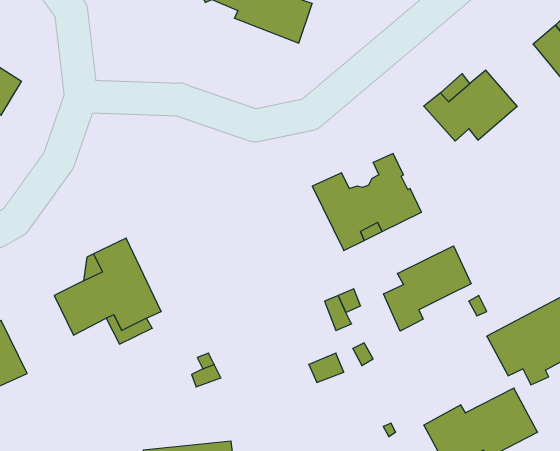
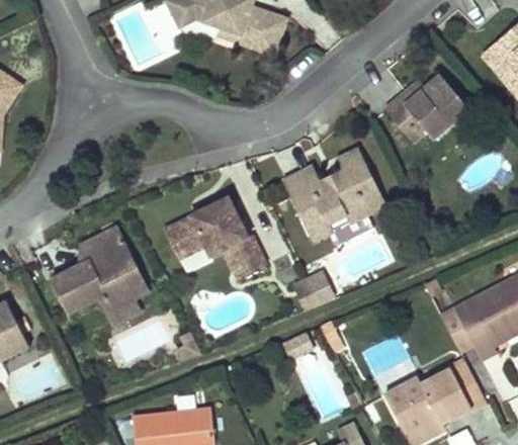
building: none -> [163,196,264,276]
building: [384,246,471,331] -> none

